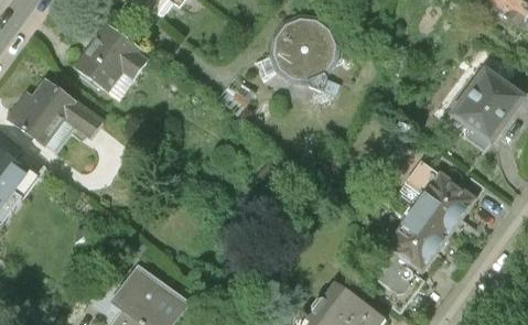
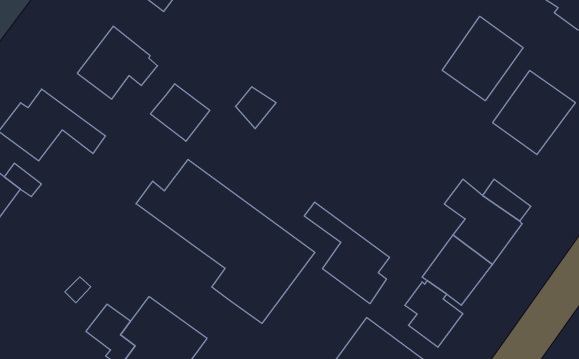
building: none -> [442,16,523,101]
building: [255,15,338,96] -> none
building: none -> [151,84,210,141]
building: none -> [136,159,315,323]
building: none -> [304,202,390,304]

